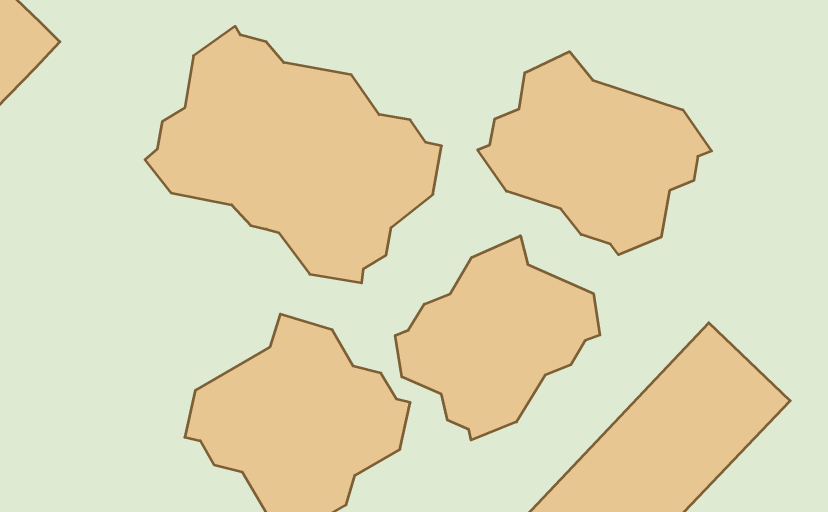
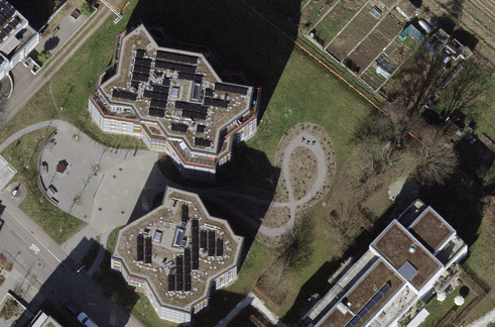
building: [478,52,712,255] -> none
building: [395,236,600,440] -> none

